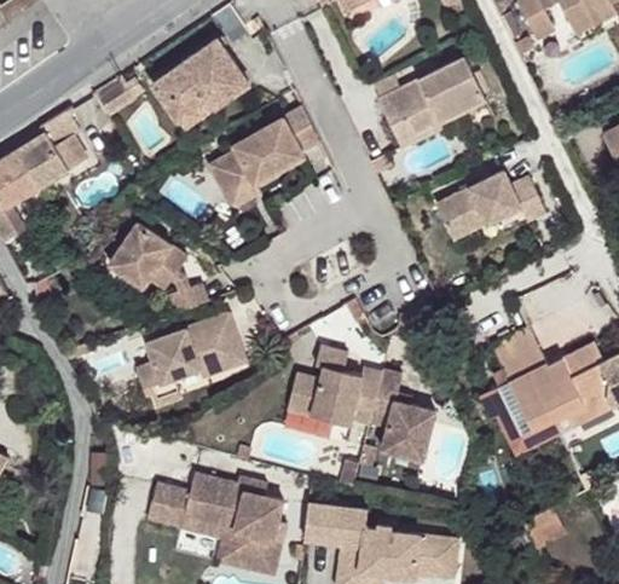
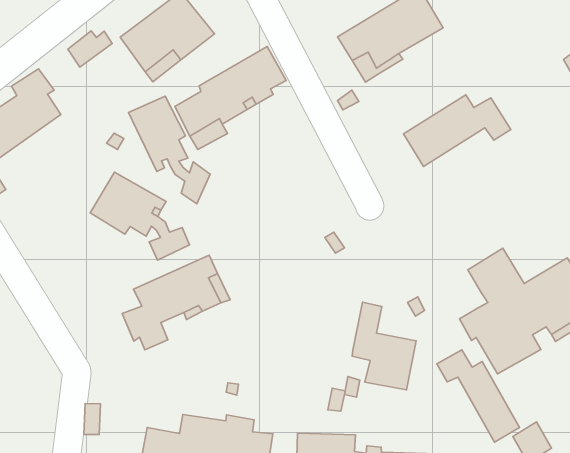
building: none -> [129,96,210,204]
building: [288,342,383,423] -> none
building: none -> [437,350,520,442]

